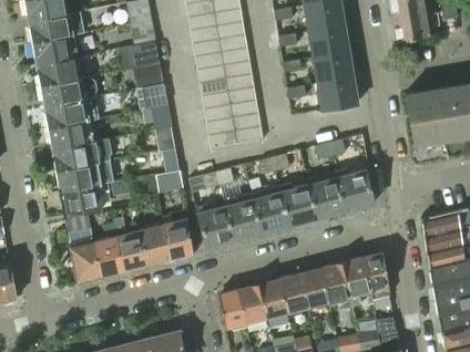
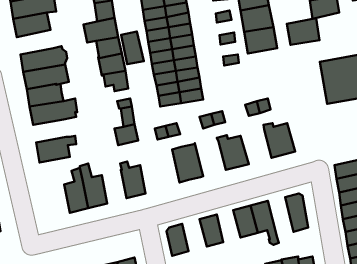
building: [37,55,81,85] -> none
building: none -> [121,31,144,64]
building: [317,77,357,110] -> [287,18,320,45]
building: [57,164,101,191] -> none
building: [307,175,346,218] -> none
building: [253,186,290,232] -> none
building: [196,200,234,248] -> none
building: [65,216,101,283] -> none
building: [140,225,170,266] -> none
building: [341,258,370,307] -> none
building: [279,273,308,312] -> none
building: [237,284,267,323] -> none

